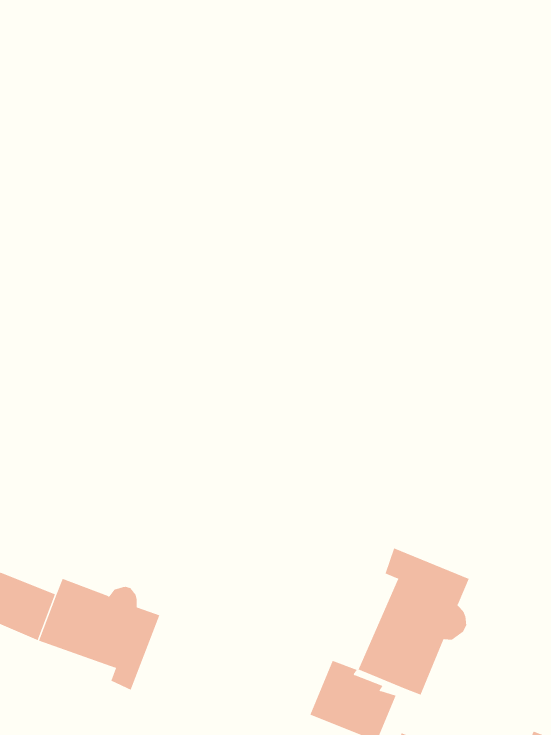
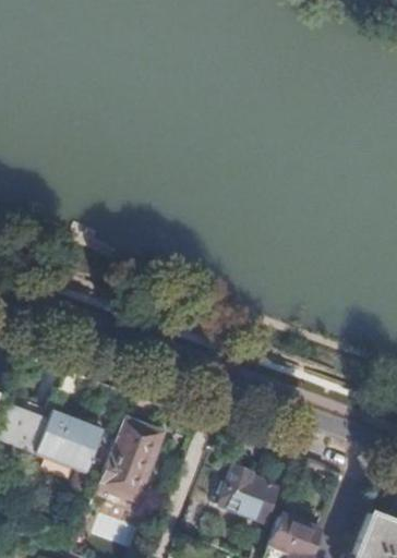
building: [358,547,470,695] -> none
building: none -> [98,420,161,502]

